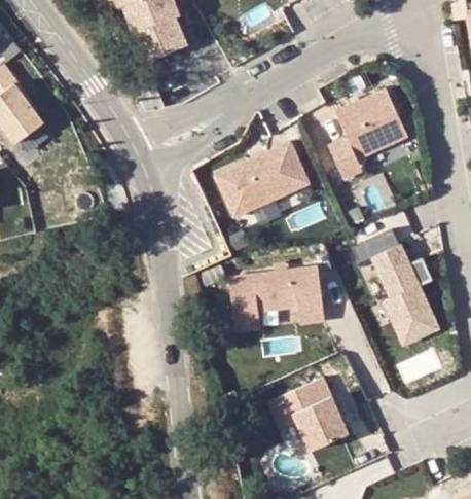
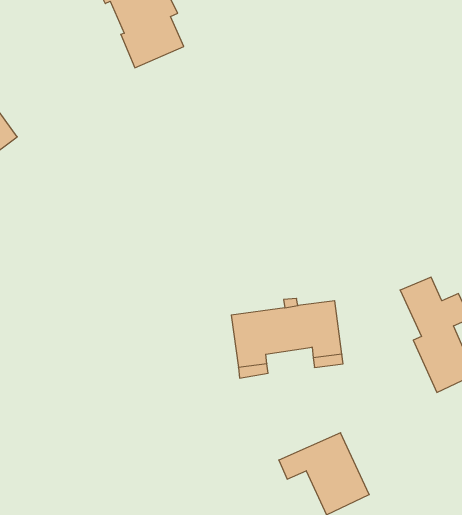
building: [328,88,408,179] -> none
building: [215,141,310,217] -> none

